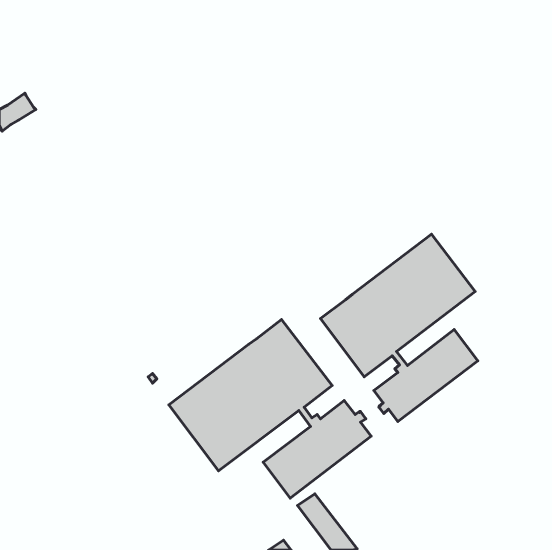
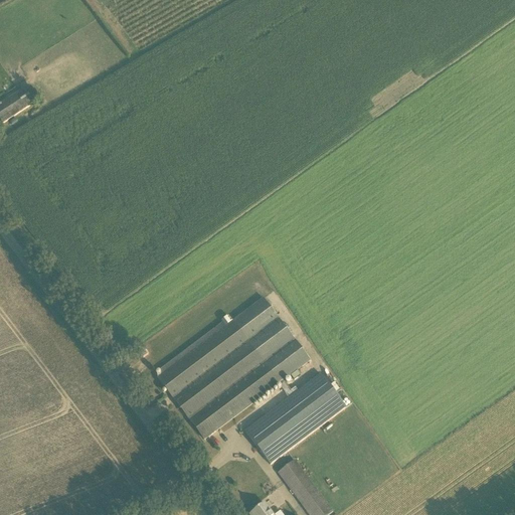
building: [320,234,478,422] -> none

